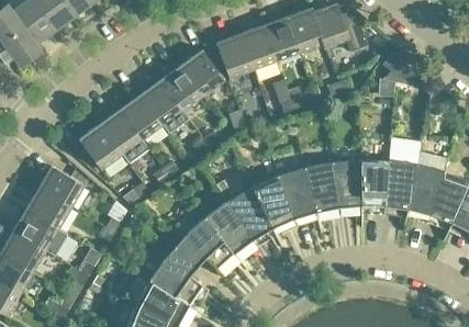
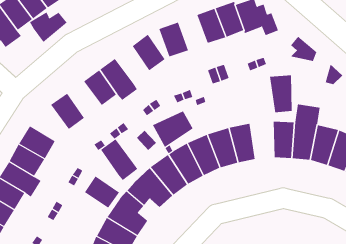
building: none -> [29,12,68,43]
building: [241,24,277,69] -> none
building: [160,64,203,110] -> none
building: [100,109,148,162] -> [100,138,138,181]
building: none -> [152,111,194,148]
building: [332,159,361,207] -> [269,75,293,113]
building: none -> [84,175,120,209]

